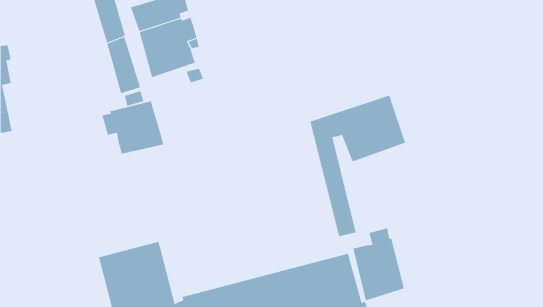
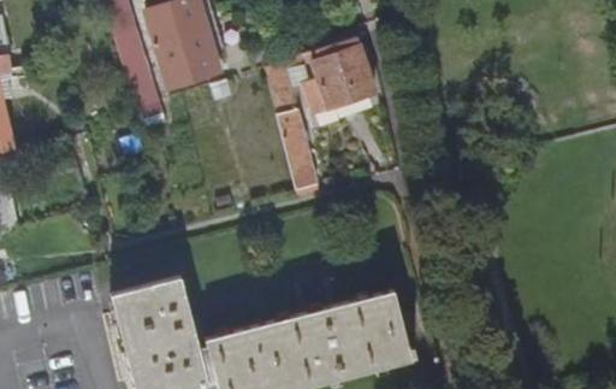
building: [310,95,406,237] -> [266,39,374,199]
building: [102,101,164,155] -> none
building: [353,227,404,301] -> none

